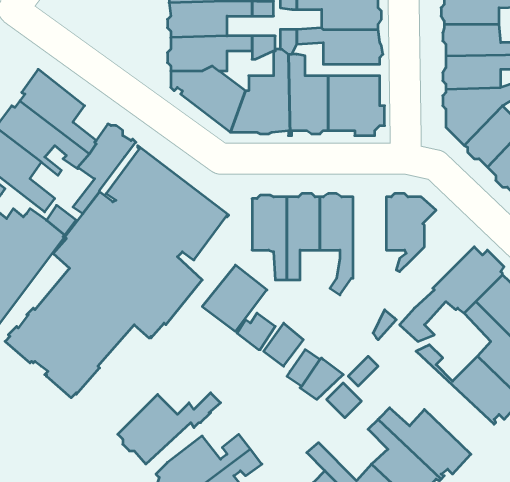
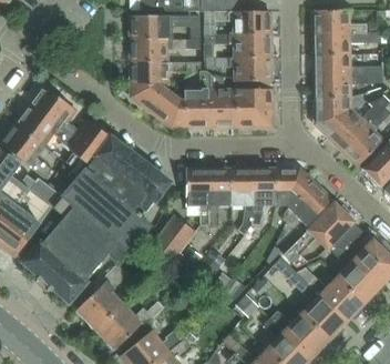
building: none -> [254,168,276,224]
building: none -> [285,179,331,226]
building: none -> [274,259,348,342]
building: none -> [78,263,130,328]

